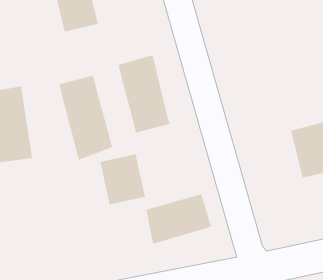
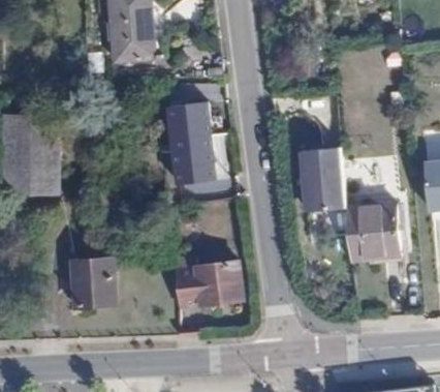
building: [59,75,113,160] -> none
building: none -> [300,148,344,211]
building: [100,154,146,205] -> [71,258,116,309]

